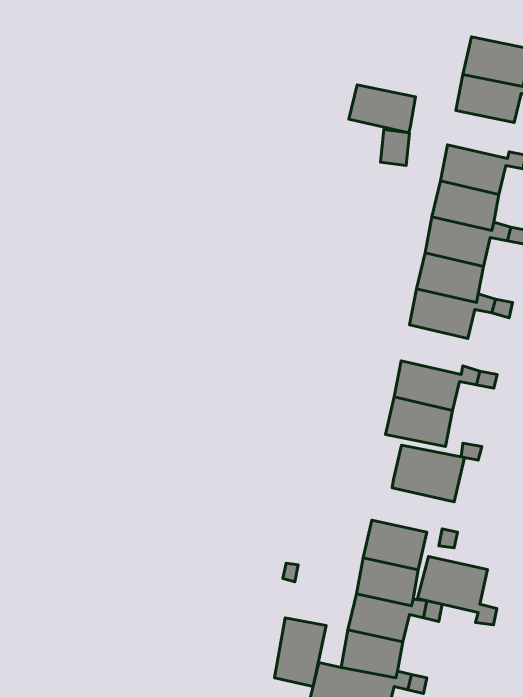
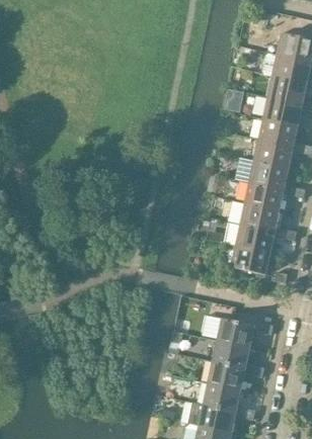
building: [349,85,416,133] -> [266,77,306,105]
building: none -> [239,203,279,233]
building: [392,445,464,502] -> none
building: [418,557,497,625] -> none
building: [274,618,326,686] -> none

